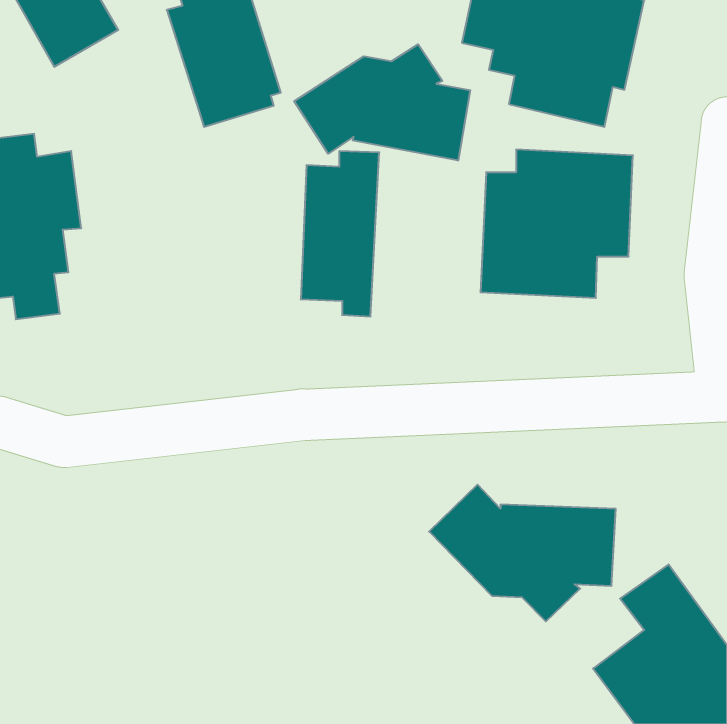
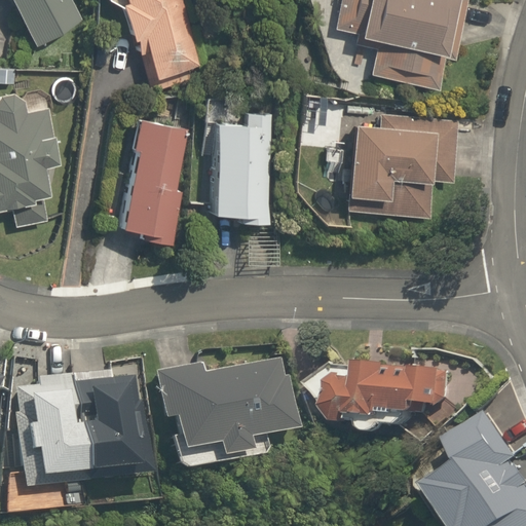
building: [294,44,470,161] -> none
building: none -> [123,114,184,247]
building: none -> [153,355,302,467]
building: none -> [12,363,148,499]

